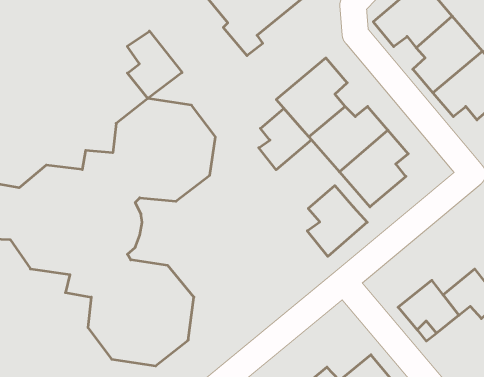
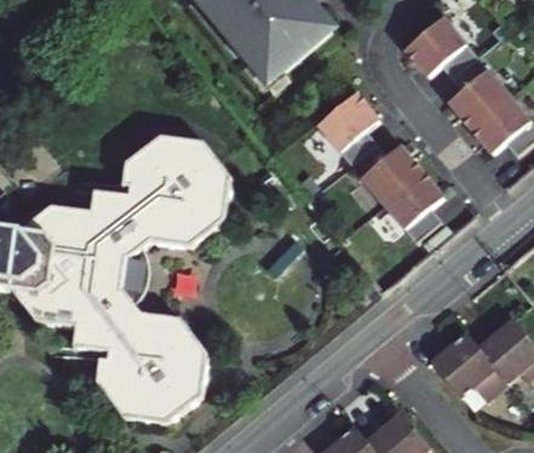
building: [127,31,182,99] -> none
building: [259,108,311,170] -> none
building: [307,186,367,256] -> none

